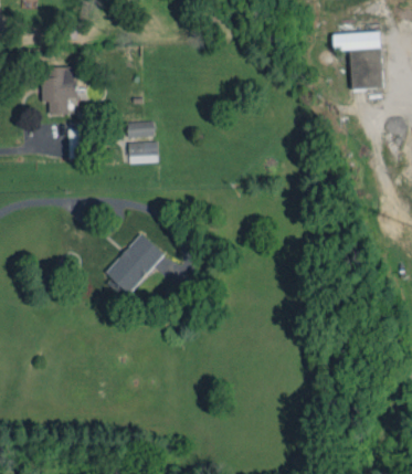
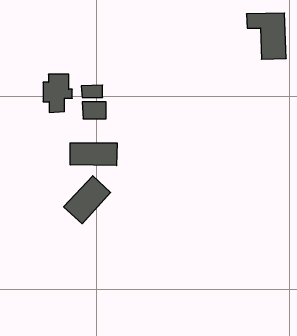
building: [42,66,78,114] -> [43,74,72,112]
building: none -> [70,143,117,166]

